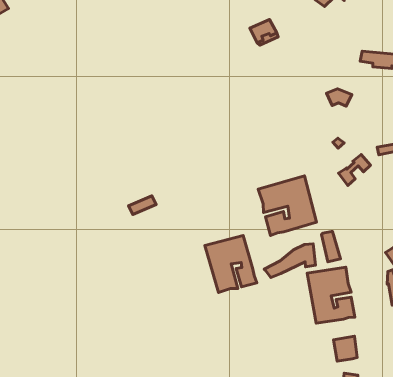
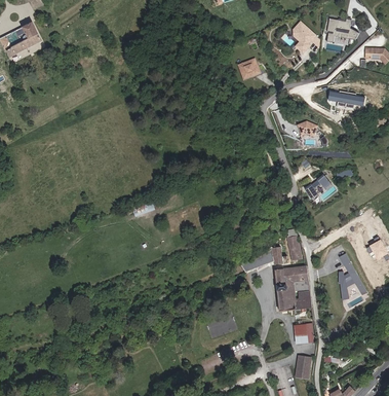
building: [258,176,317,236] -> none
building: [205,236,257,293] -> none

